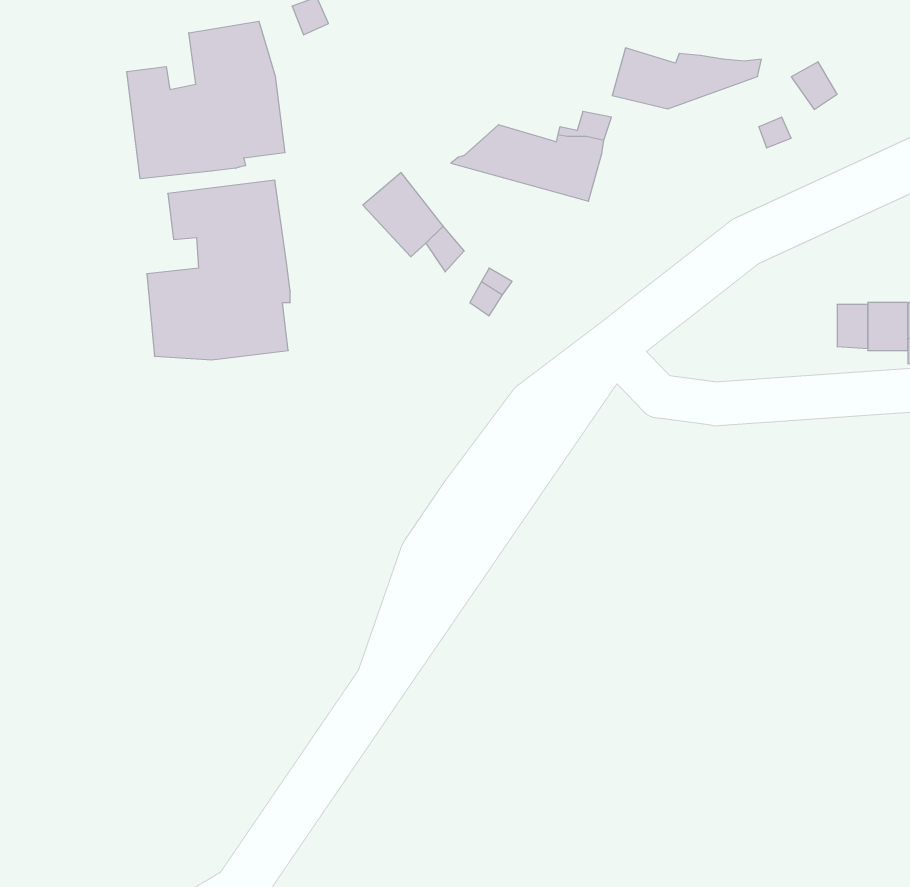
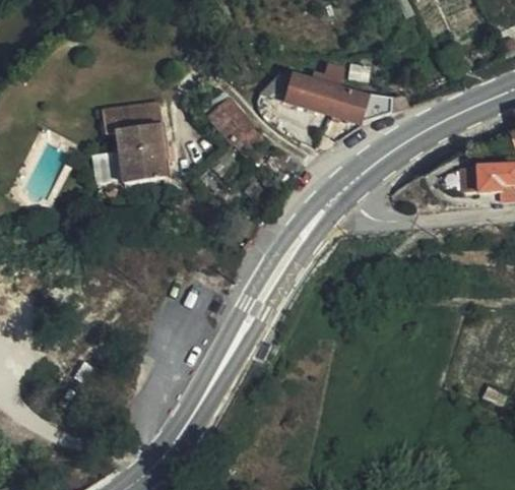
building: [127,21,285,179] -> none
building: [612,48,761,109] -> [329,86,408,119]

